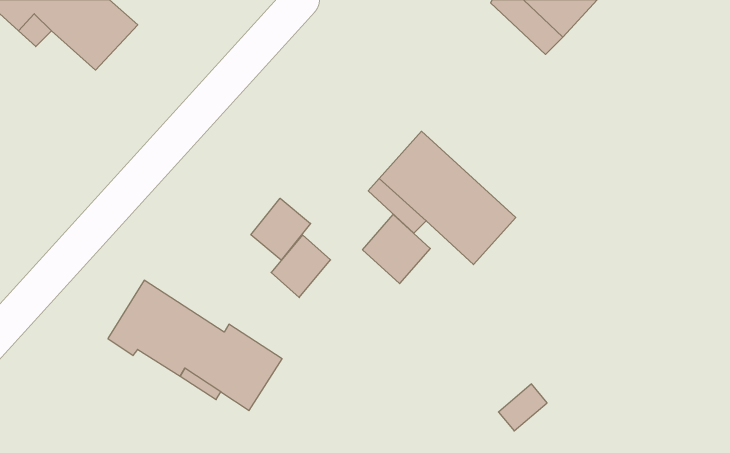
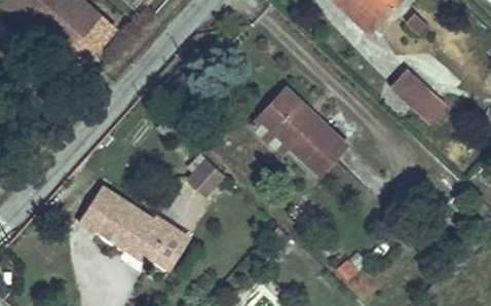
building: none -> [391,67,447,121]
building: [251,198,311,260] -> none
building: [363,214,430,284] -> none

